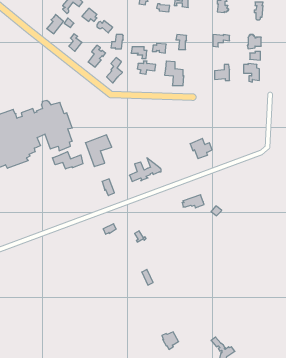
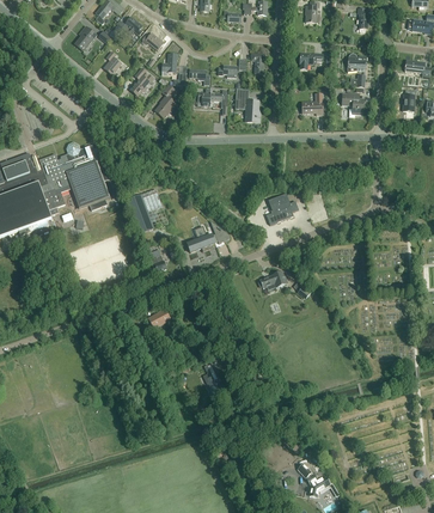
building: [52,152,83,169] -> none

